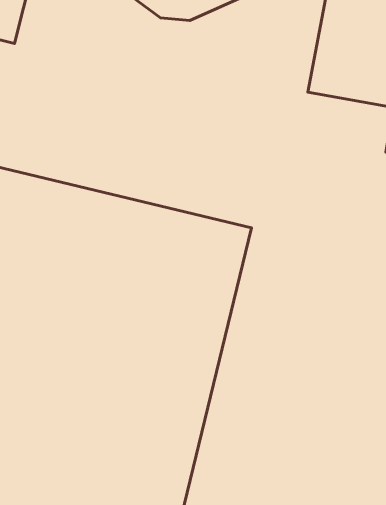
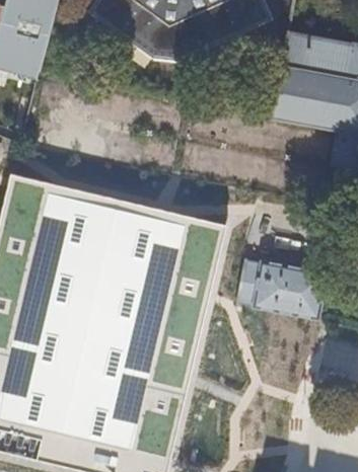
building: none -> [234,258,325,317]

